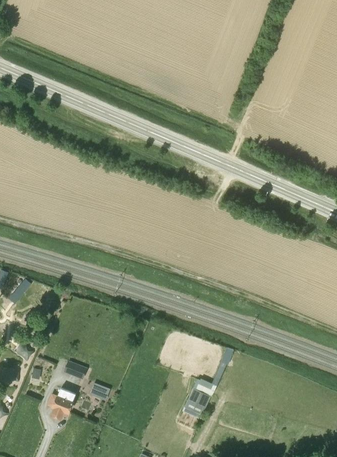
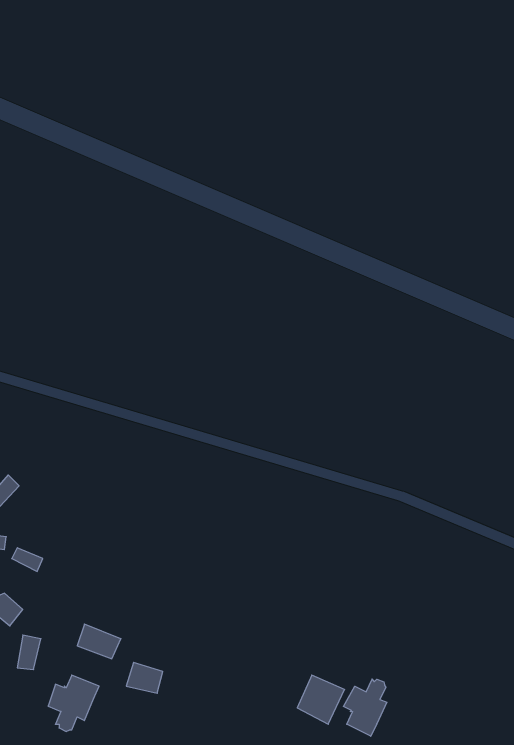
building: none -> [343,679,387,736]

